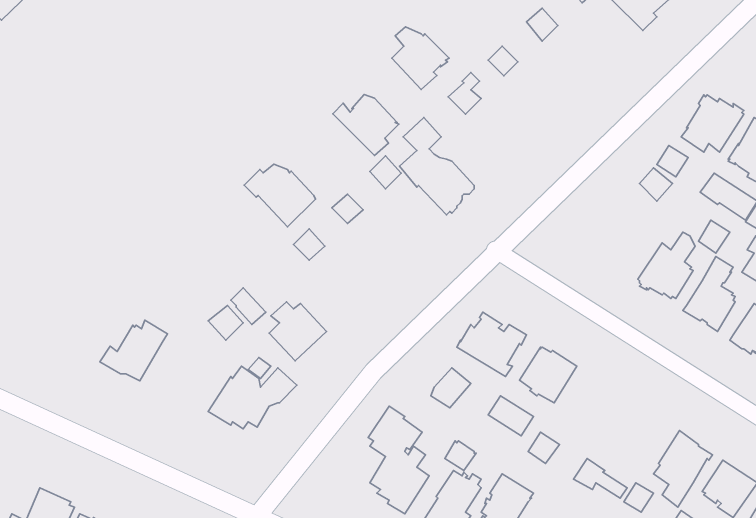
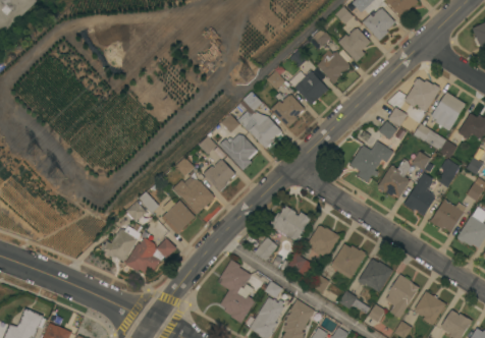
building: none -> [337,26,370,61]
building: [392,27,449,90] -> [270,90,304,126]
building: none -> [316,49,349,83]
building: none -> [288,69,327,104]
building: [333,95,399,155] -> [218,133,257,169]
building: [244,164,315,227] -> [171,176,213,213]
building: none -> [351,140,393,181]
building: none -> [202,159,234,191]
building: [100,320,168,381] -> [100,225,140,261]
building: none -> [330,243,366,279]
building: none -> [358,259,393,292]

